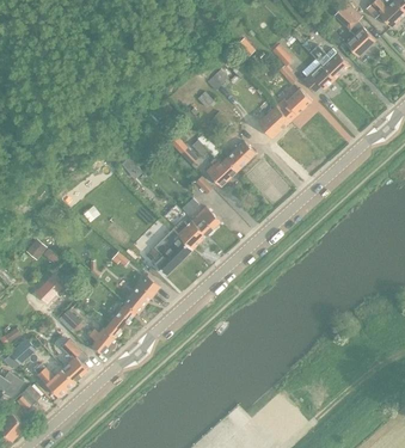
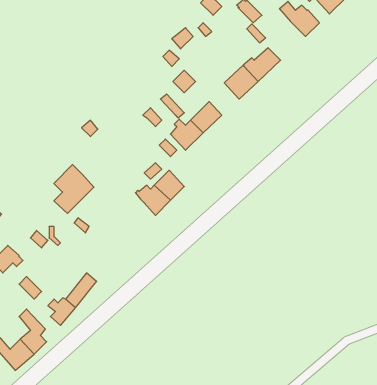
building: [301,57,335,91] -> none
building: [153,227,191,274] -> [54,165,94,213]
building: [124,275,159,312] -> none

